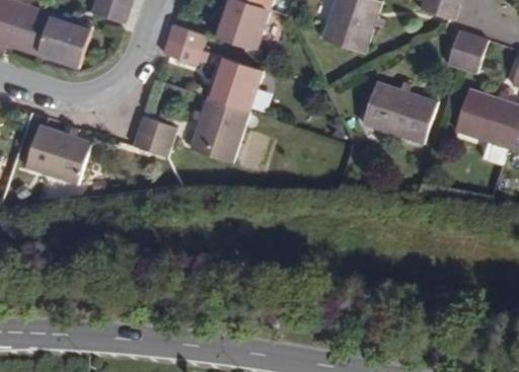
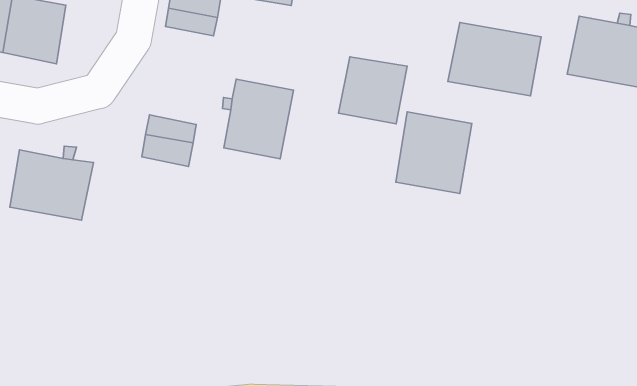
building: [208,58,264,113] -> [339,57,407,124]
building: none -> [396,112,472,194]

